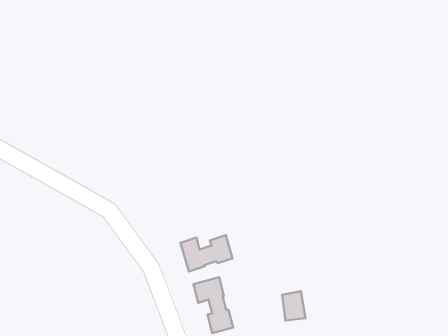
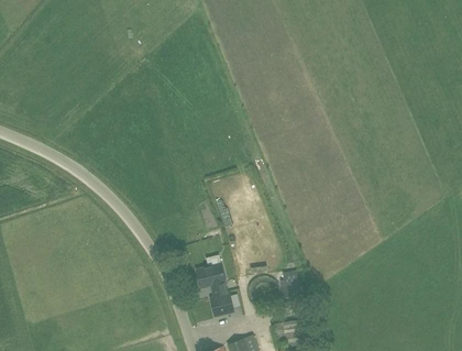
building: [180,235,233,271] -> none

